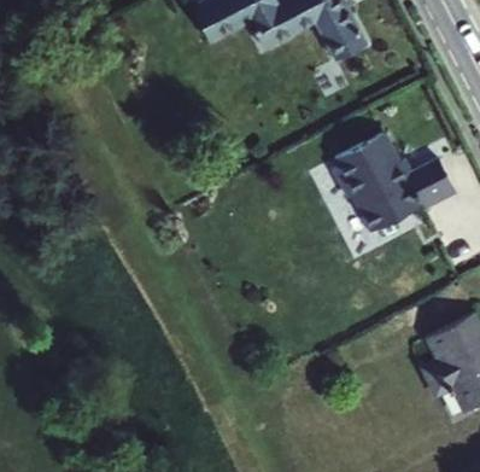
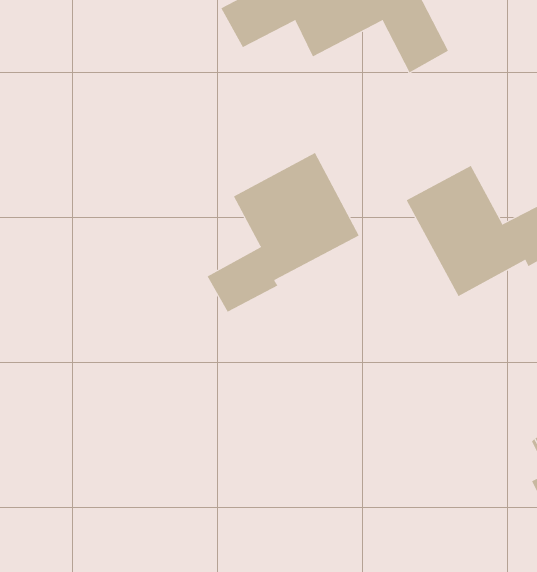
building: none -> [207,152,360,312]

